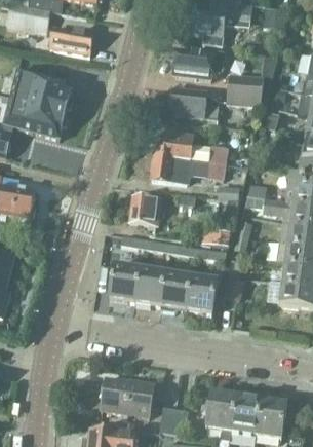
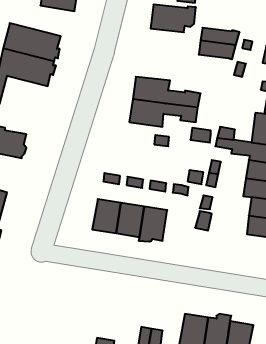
building: [170,88,219,119] -> none
building: [128,194,159,224] -> none
building: [186,271,220,314] -> none
building: [101,378,154,416] -> none

